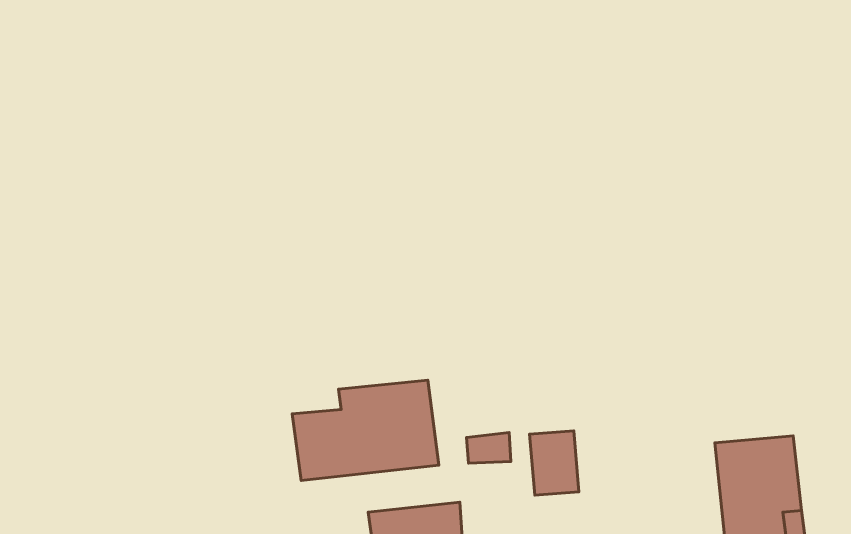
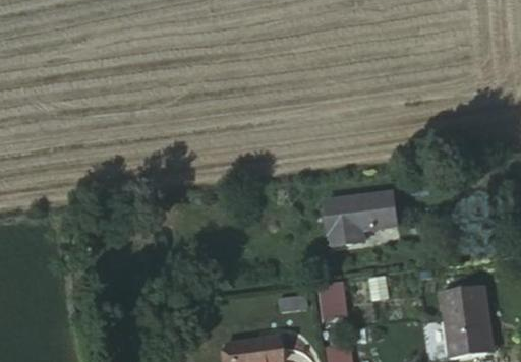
building: none -> [334,186,402,240]
building: [292,380,439,480] -> none

